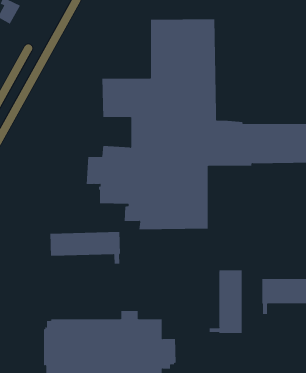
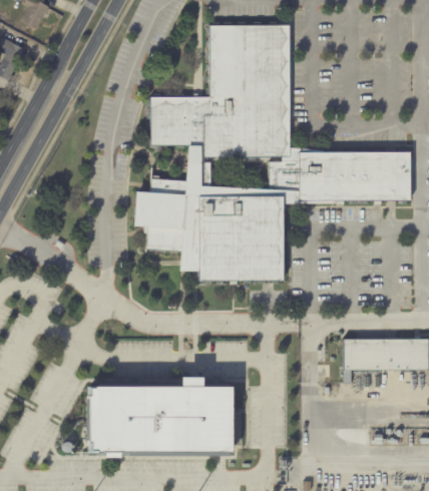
building: [50,231,120,264] -> none
building: [209,270,242,334] -> none

